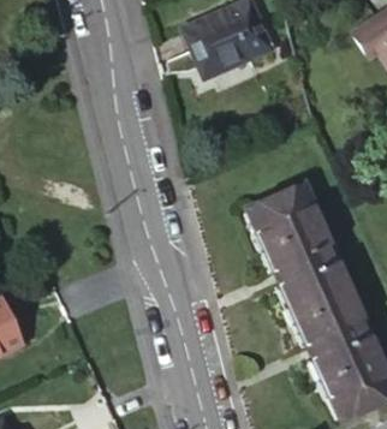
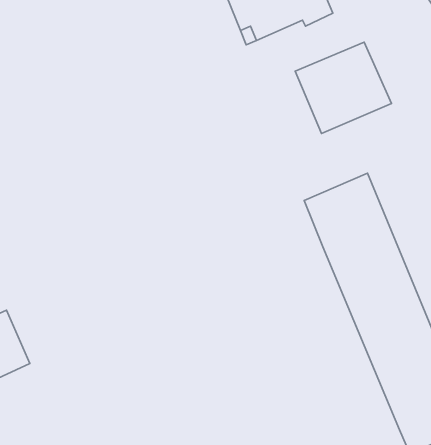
building: none -> [295,42,391,134]

